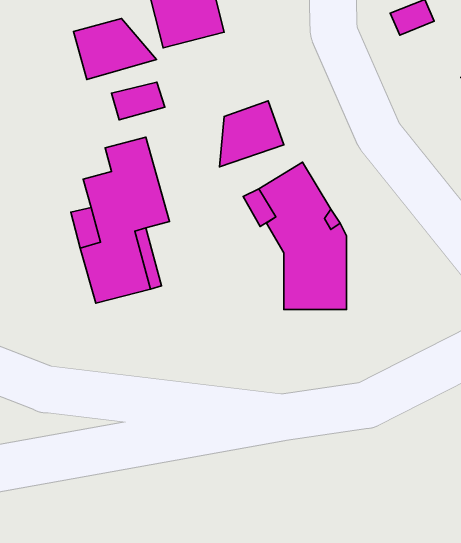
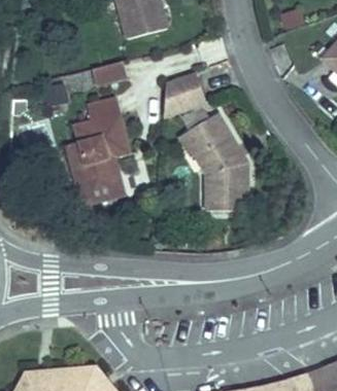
building: [74,18,156,80] -> none

